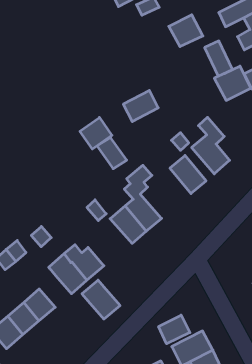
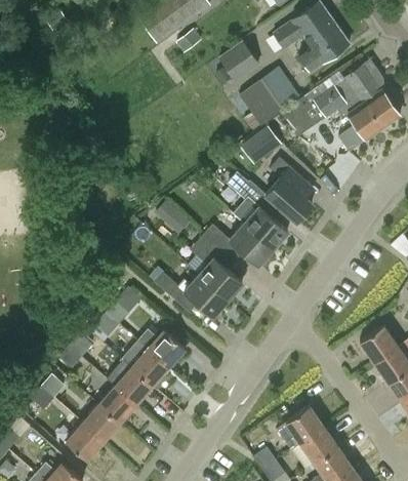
building: none -> [240,77,284,126]
building: [123,90,158,122] -> [240,126,281,165]
building: [80,117,112,149] -> none
building: none -> [230,223,273,265]
building: none -> [106,290,138,323]
building: [82,280,120,319] -> [106,359,152,403]
building: [159,315,190,344] -> none

